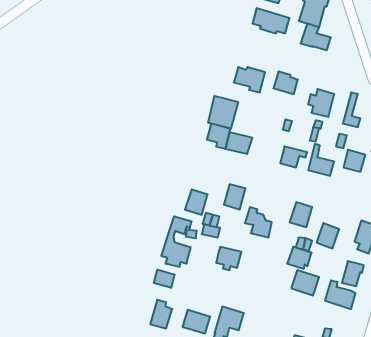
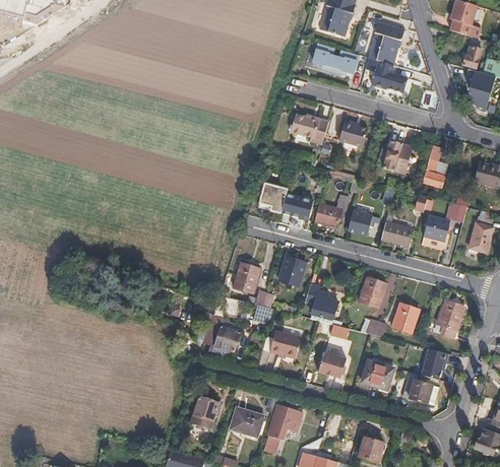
building: [208,96,238,129] -> none
building: none -> [314,195,349,227]
building: [287,247,312,269] -> [318,351,348,378]
building: [154,270,175,288] -> none

